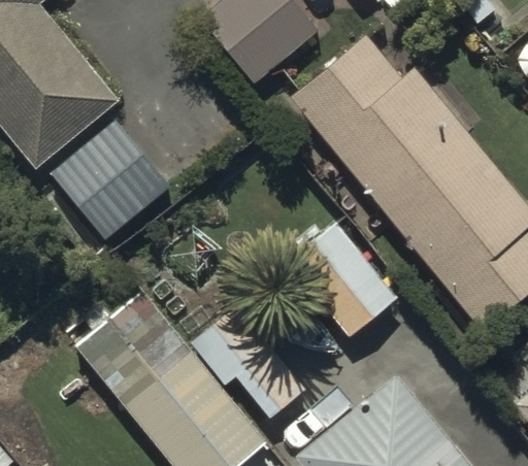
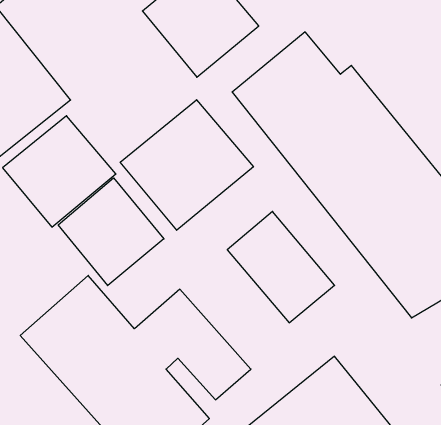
building: none -> [120,100,253,230]
building: none -> [58,178,164,286]

